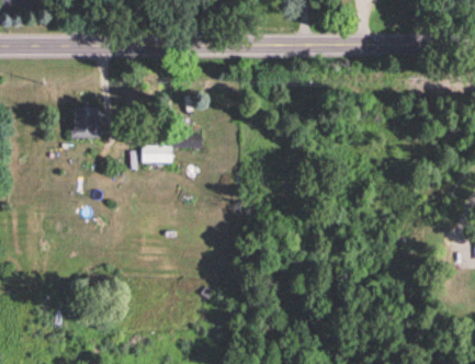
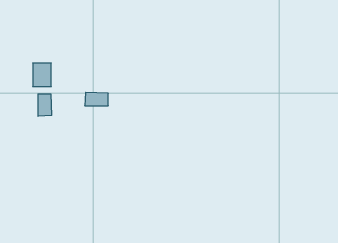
building: none -> [38,94,52,116]

